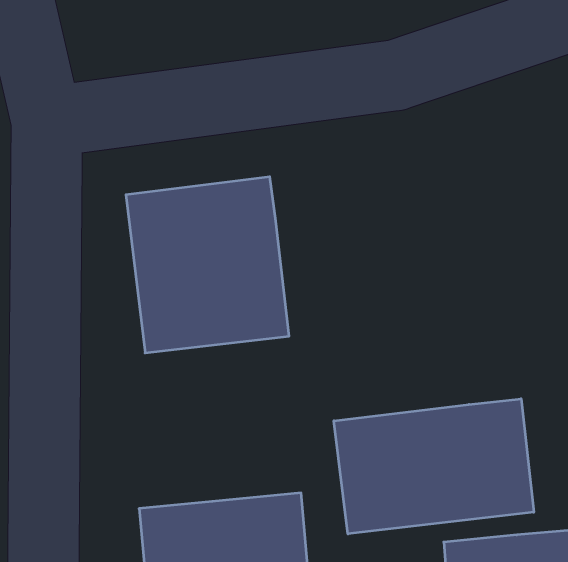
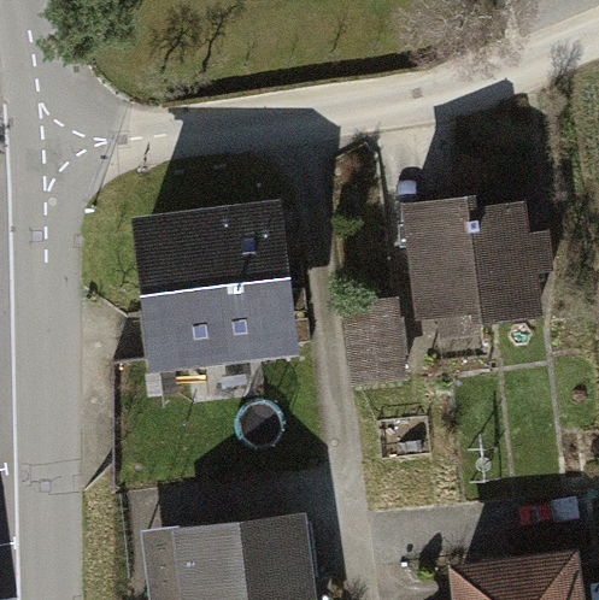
building: none -> [405,200,547,337]
building: [334,399,534,534] -> none

